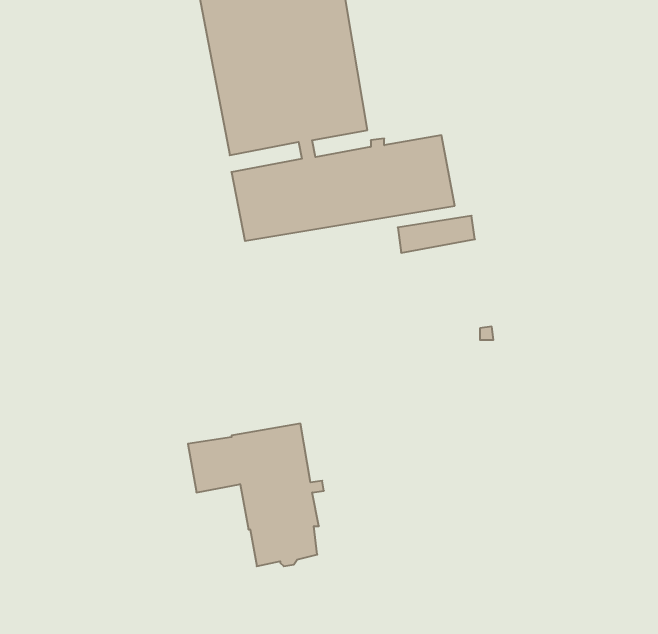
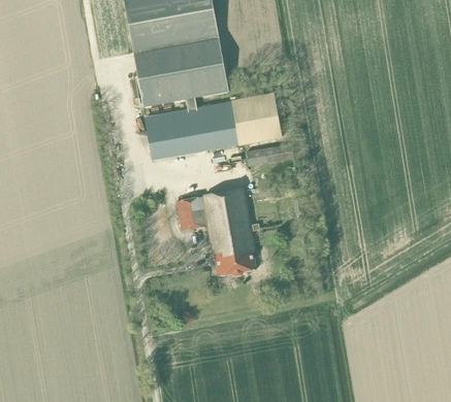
building: [188,424,324,566] -> [175,188,259,275]

